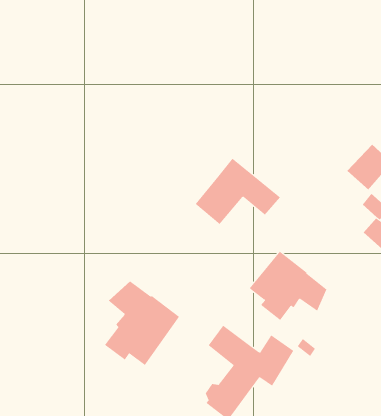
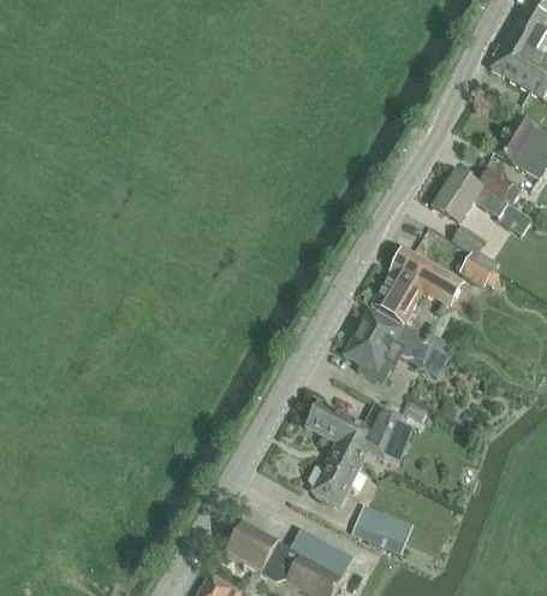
building: [195,158,281,225] -> [370,247,465,324]
building: [104,280,180,366] -> none

